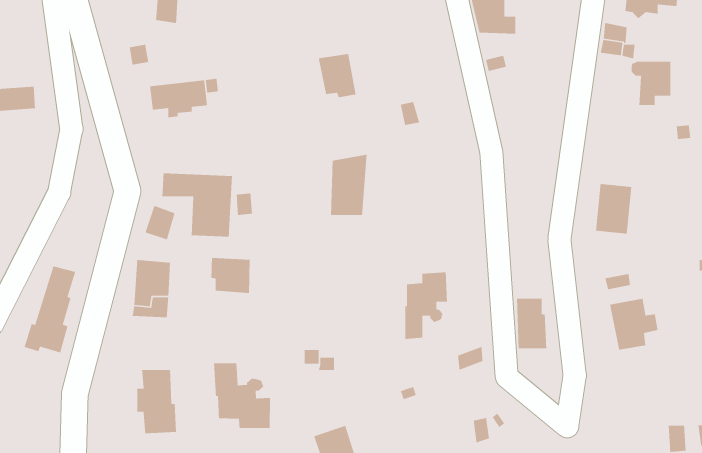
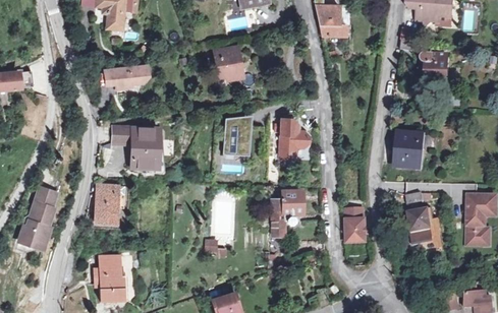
building: none -> [279,118,309,158]
building: [210,257,250,294] -> none
building: [213,362,271,429] -> none

